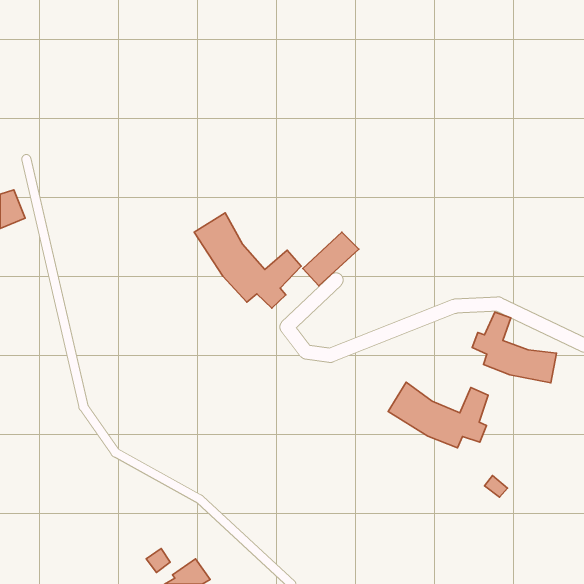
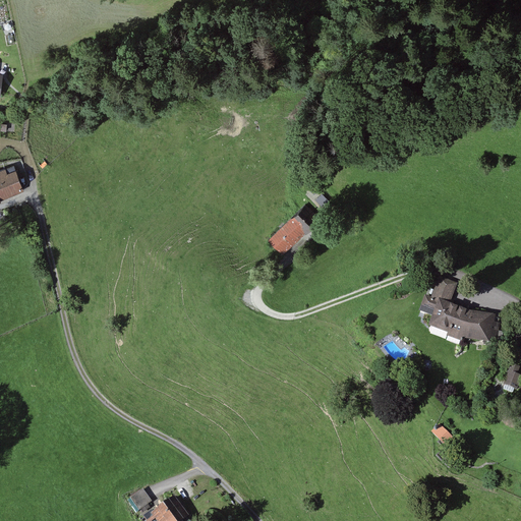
building: [194,213,301,308] -> none
building: [388,382,488,448] -> none

